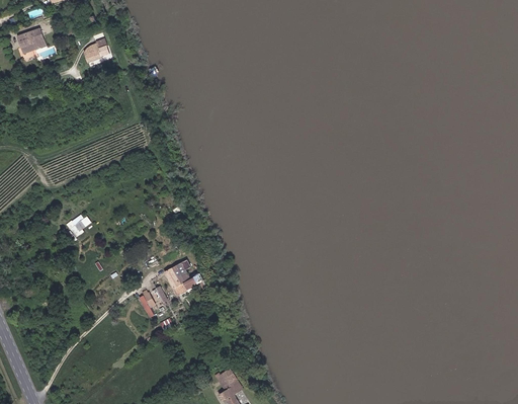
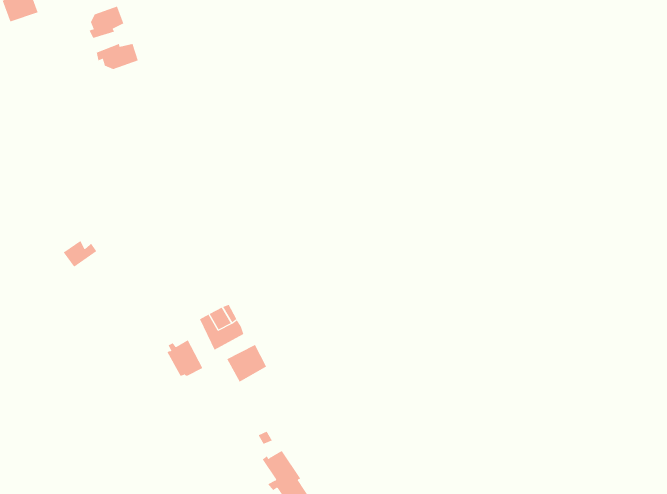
building: none -> [96,43,138,70]
building: none -> [227,344,267,382]

